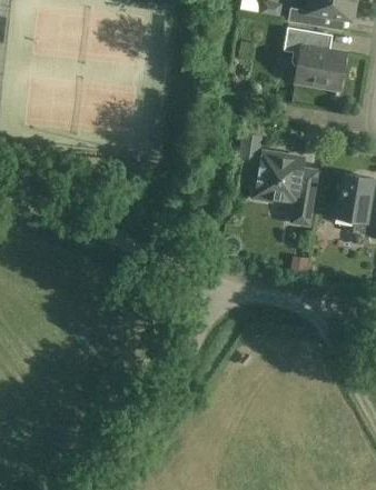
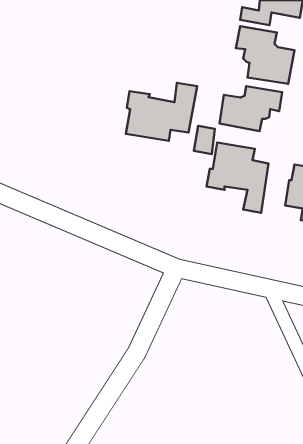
building: none -> [126,83,197,141]
building: none -> [220,86,282,131]

